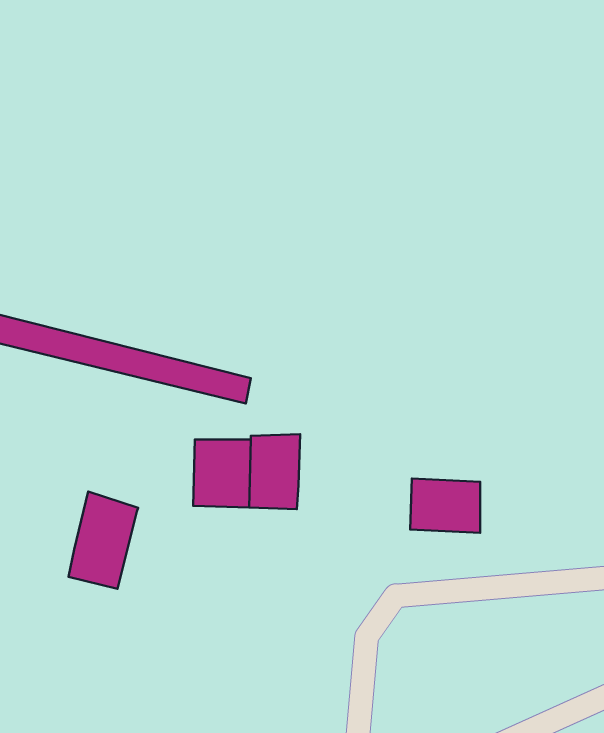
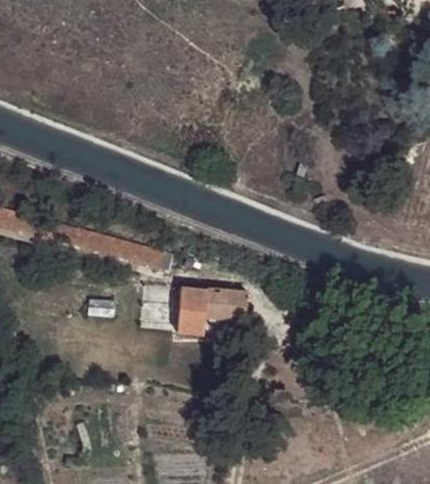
building: [410,479,480,533] -> [205,289,247,321]
building: [68,492,138,589] -> none

